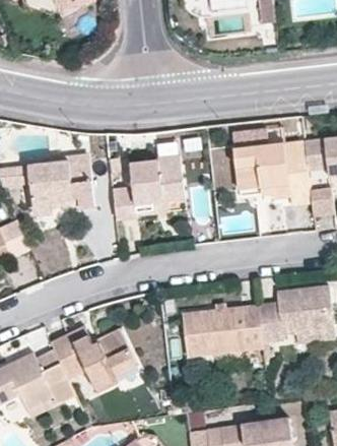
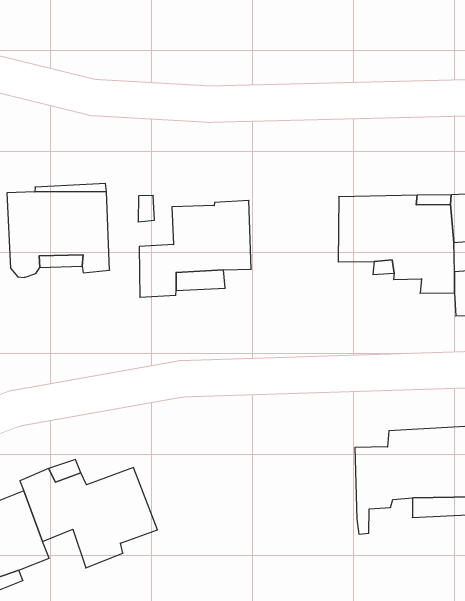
building: [182,304,262,358] -> none

